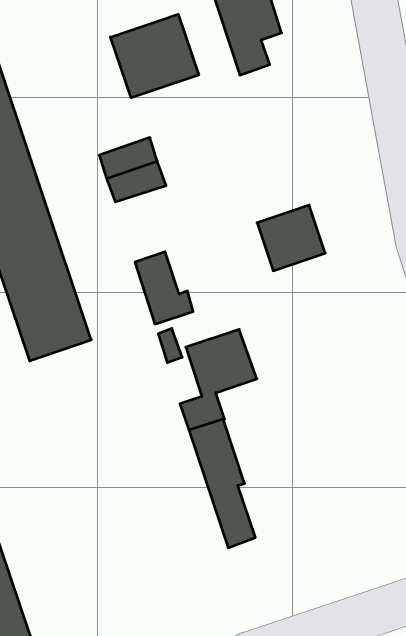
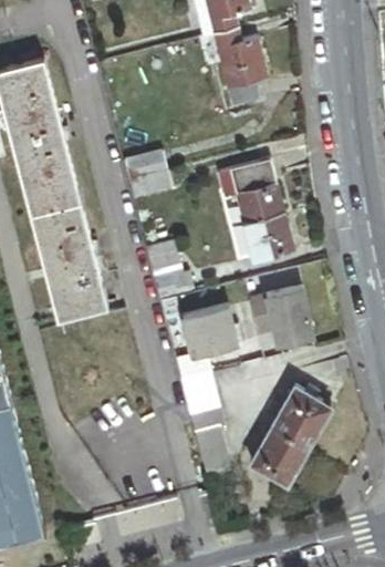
building: [110,14,199,98] -> none
building: none -> [215,158,285,223]
building: none -> [247,287,310,347]
building: none -> [252,388,334,484]

